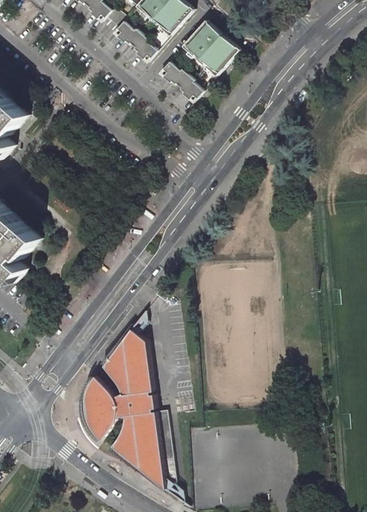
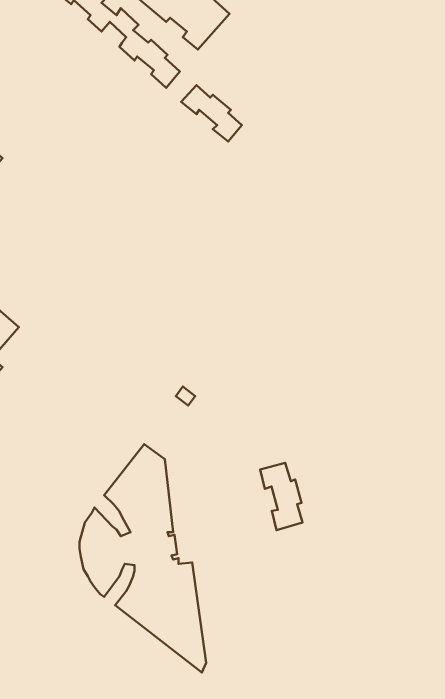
building: [182,21,238,76] -> none
building: none -> [260,463,303,530]

